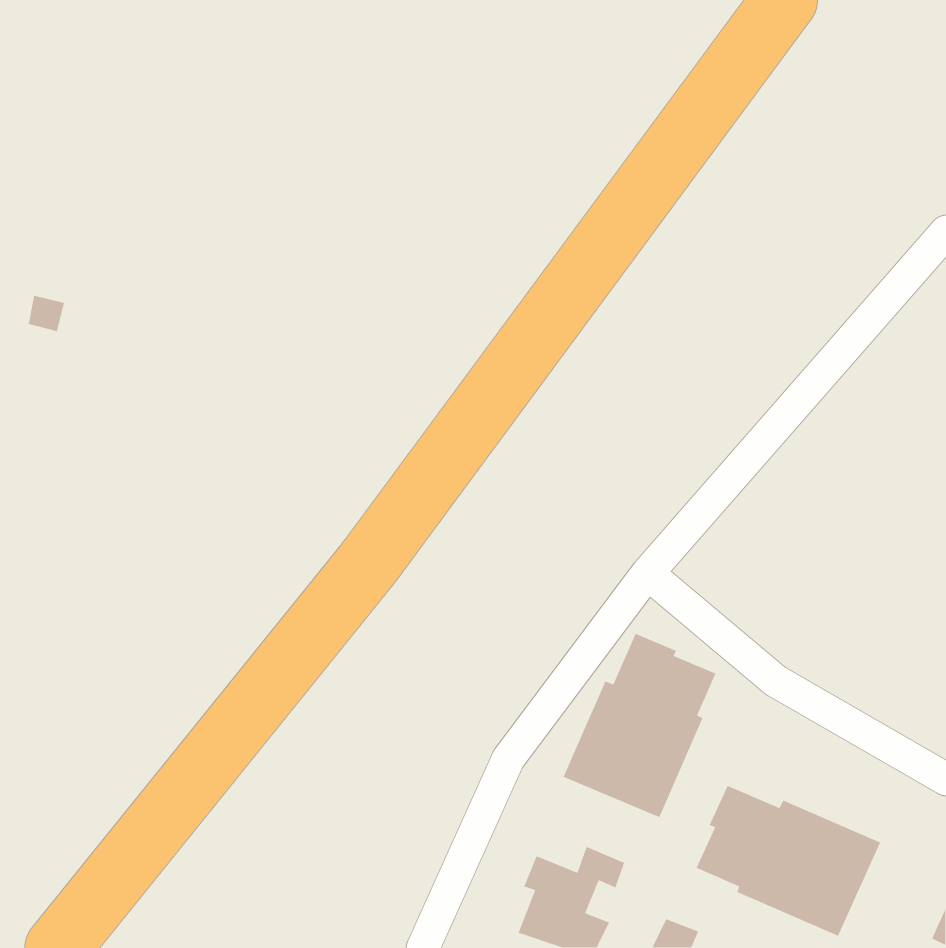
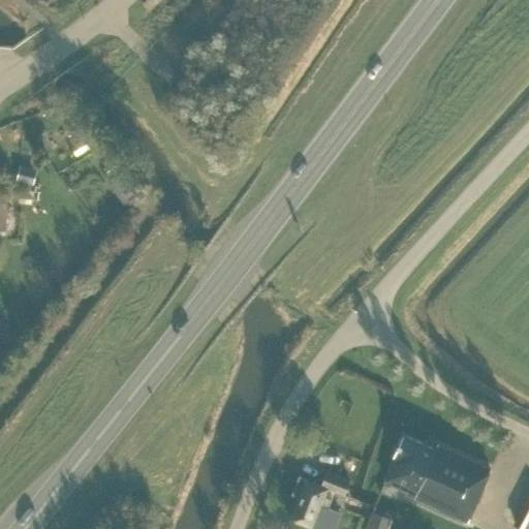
building: [562,633,717,818] -> none

